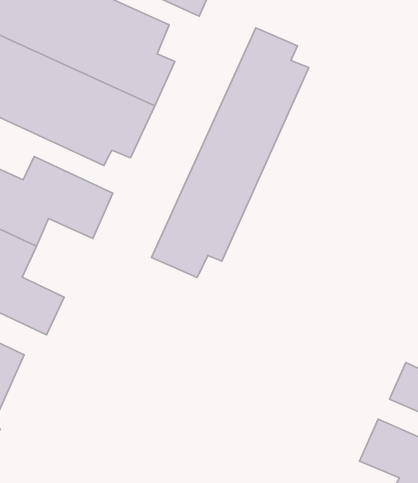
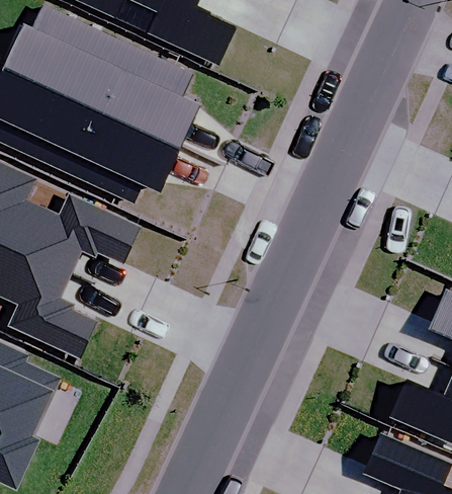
building: [151,28,309,277] -> none

